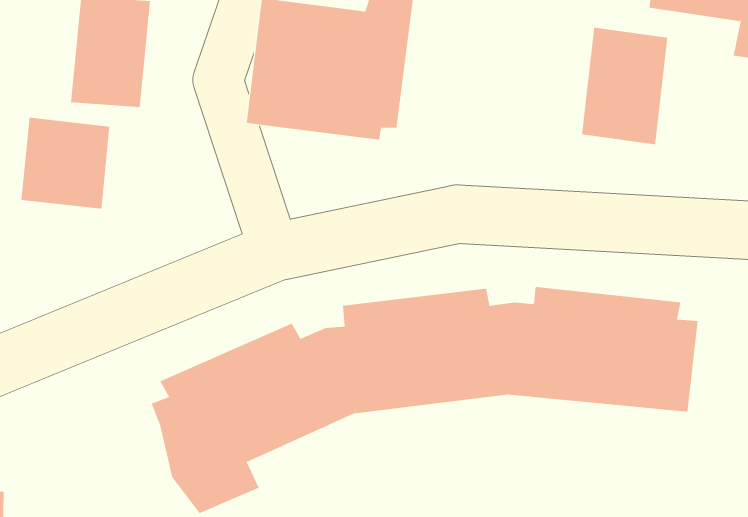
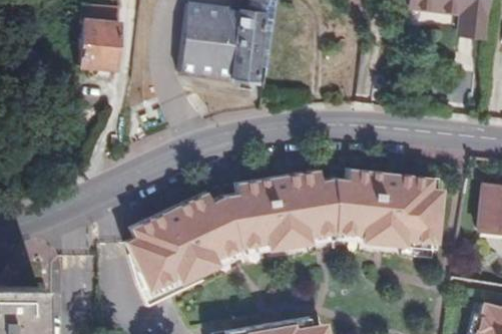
building: [581,27,668,145] -> none
building: [21,117,110,210] -> none

